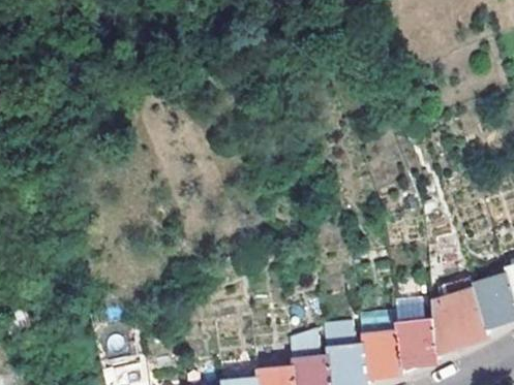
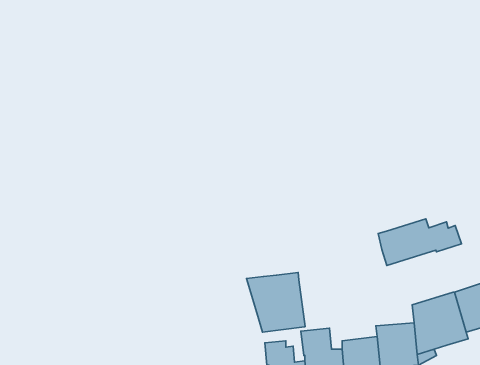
building: none -> [378,219,461,265]
building: none -> [246,272,305,332]

